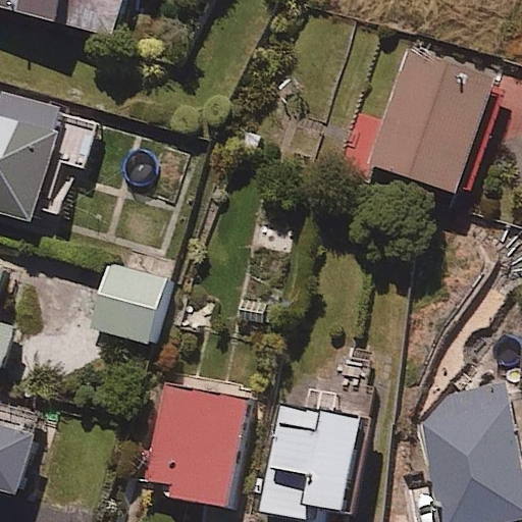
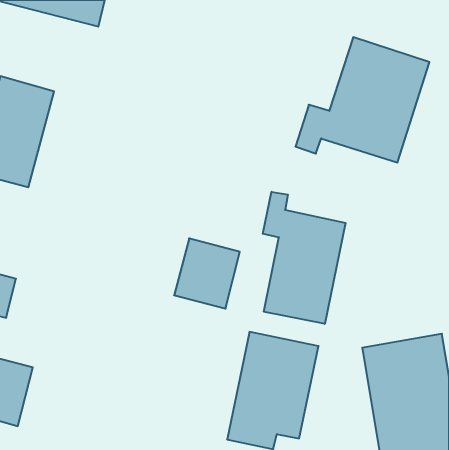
building: none -> [263,192,346,324]
building: [89,264,164,345] -> [174,238,240,309]
building: [141,383,251,513] -> none

